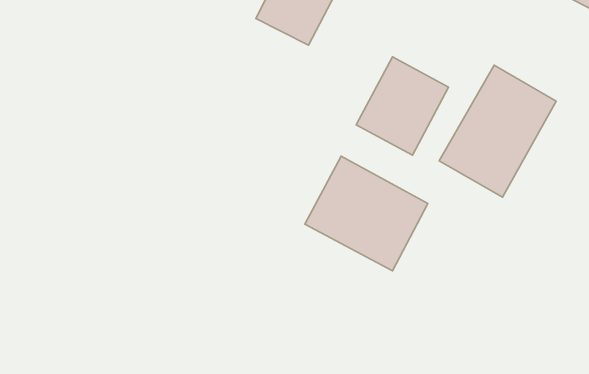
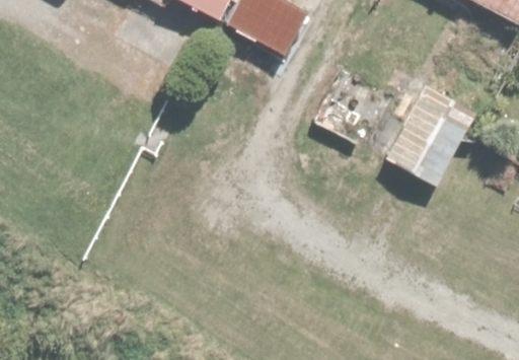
building: [305,156,428,271] -> none

